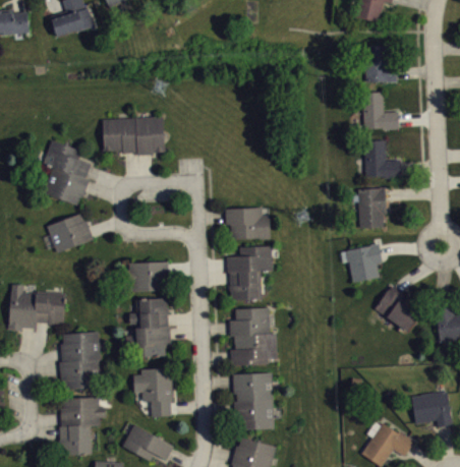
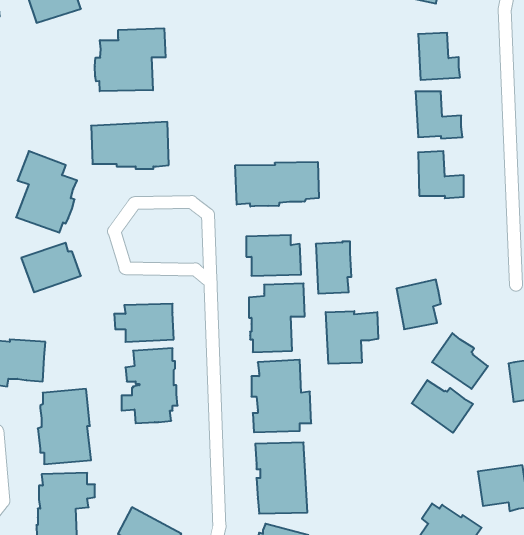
building: none -> [95,28,166,91]
building: none -> [235,162,319,207]
building: [357,187,386,229] -> [316,241,351,294]
building: none -> [326,311,378,364]
building: none -> [412,380,473,433]
building: [134,368,173,417] -> none

